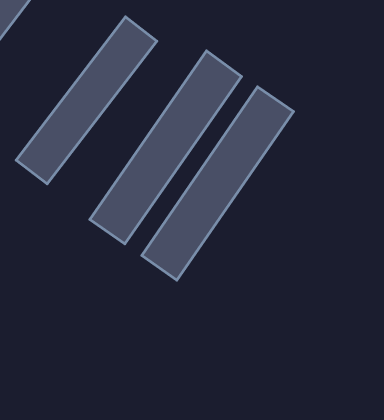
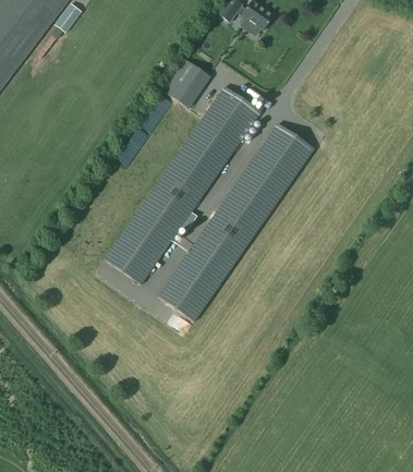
building: [16,17,157,184] -> none
building: none -> [165,60,208,106]

